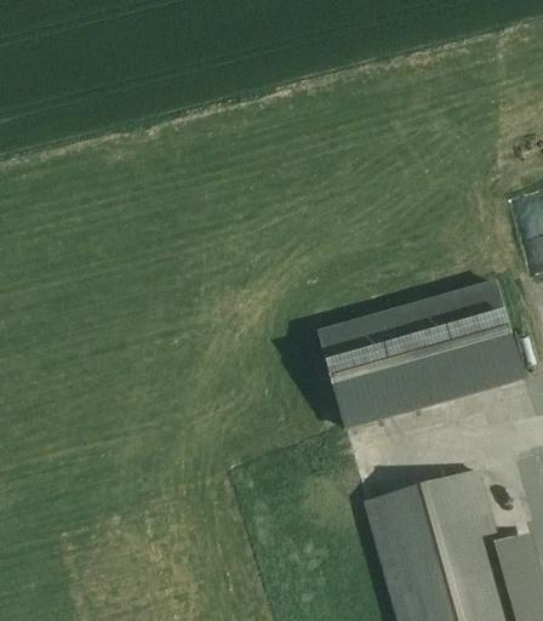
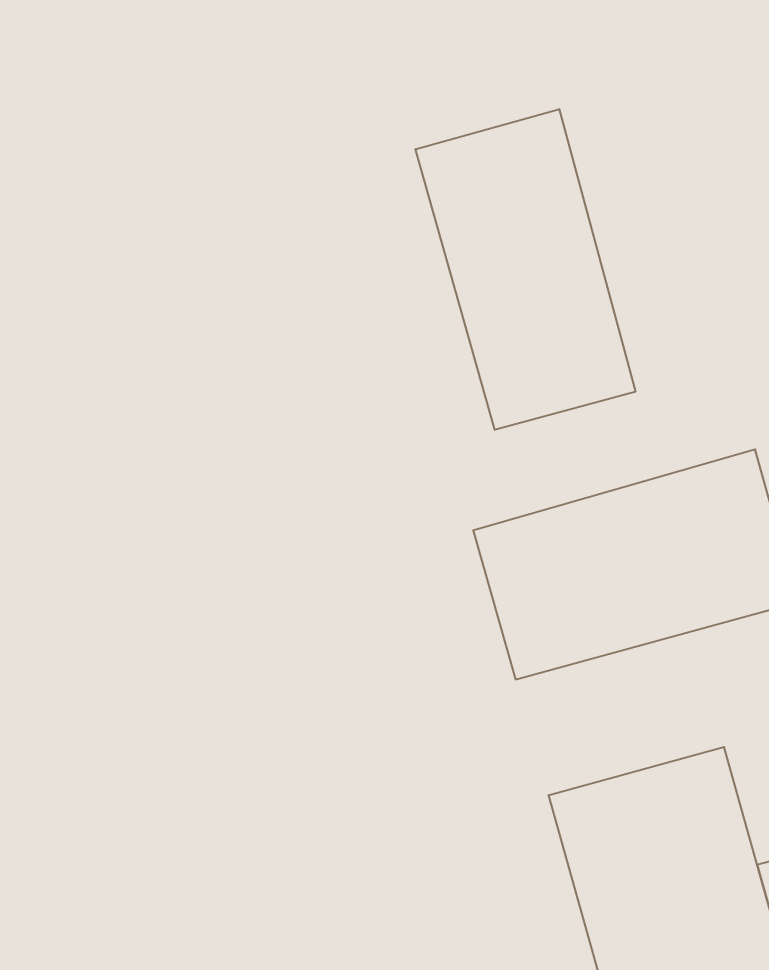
building: none -> [415,109,635,430]

